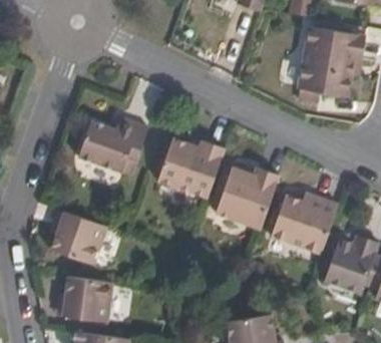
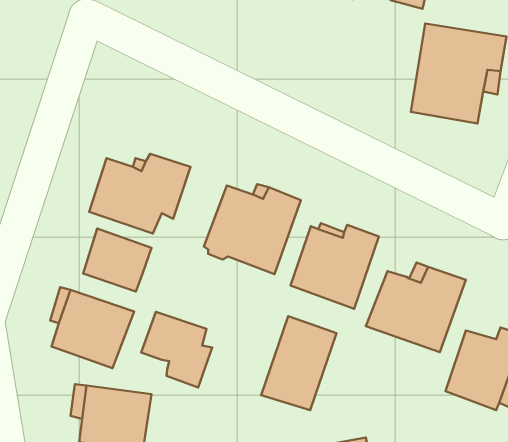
building: none -> [83,229,152,291]
building: none -> [141,312,212,387]
building: none -> [261,316,336,410]

